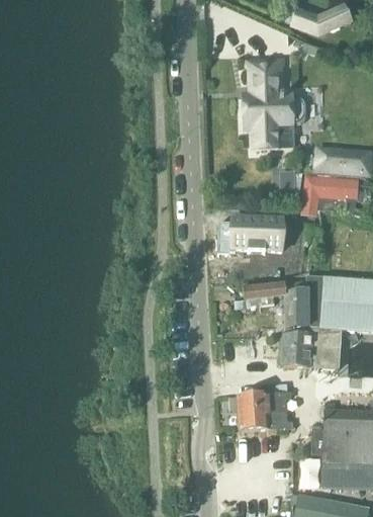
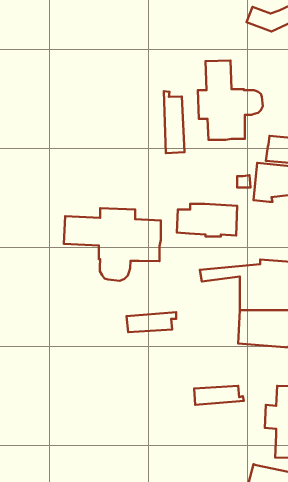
building: none -> [164,91,184,153]
building: none -> [64,208,161,281]
building: [236,391,288,412] -> [126,312,176,332]

